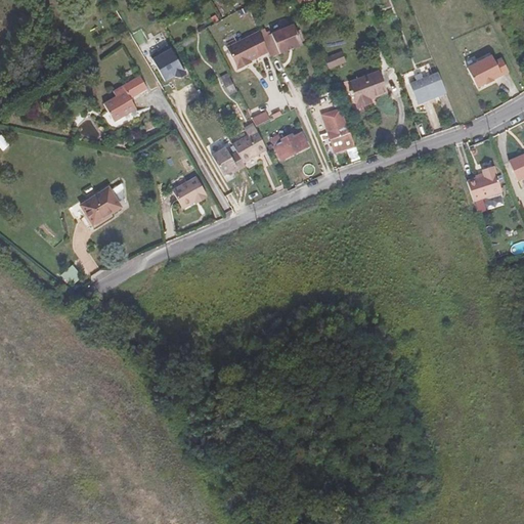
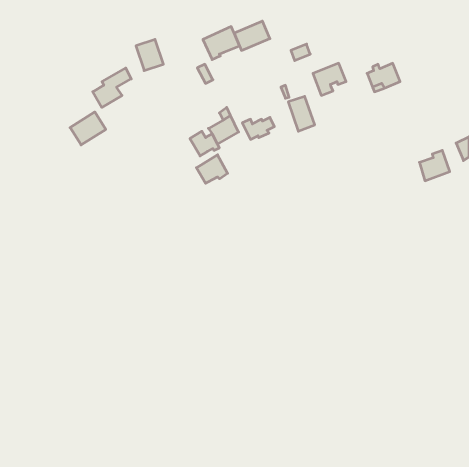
building: [468,55,509,87] -> none
building: [172,175,207,207] -> [196,155,228,183]
building: [81,186,121,223] -> [70,112,106,145]

